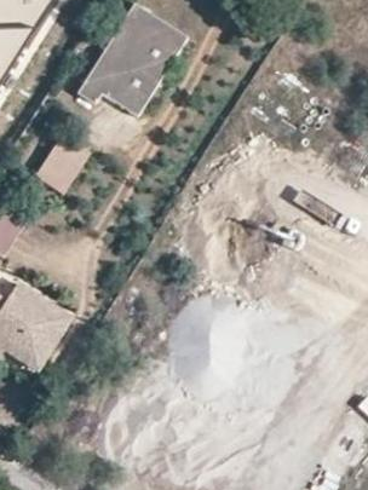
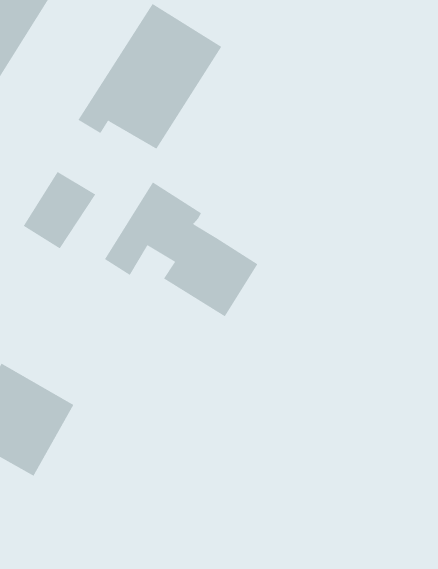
building: none -> [104,182,258,317]

